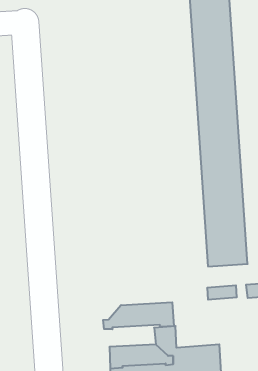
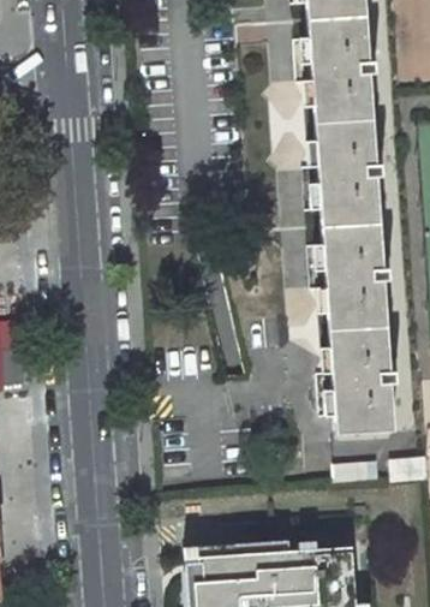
building: [103,302,174,329] -> none

